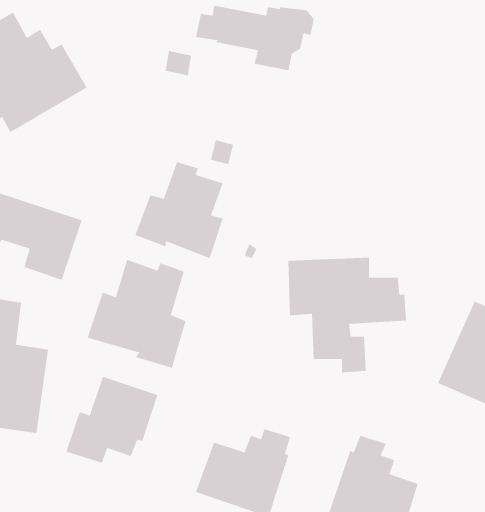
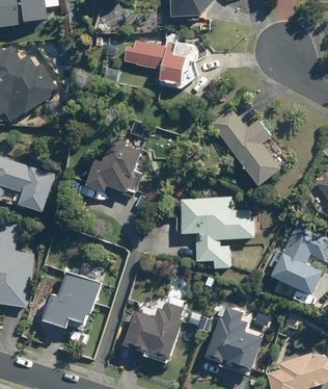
building: none -> [210,108,280,183]
building: [87,259,186,368] -> none

